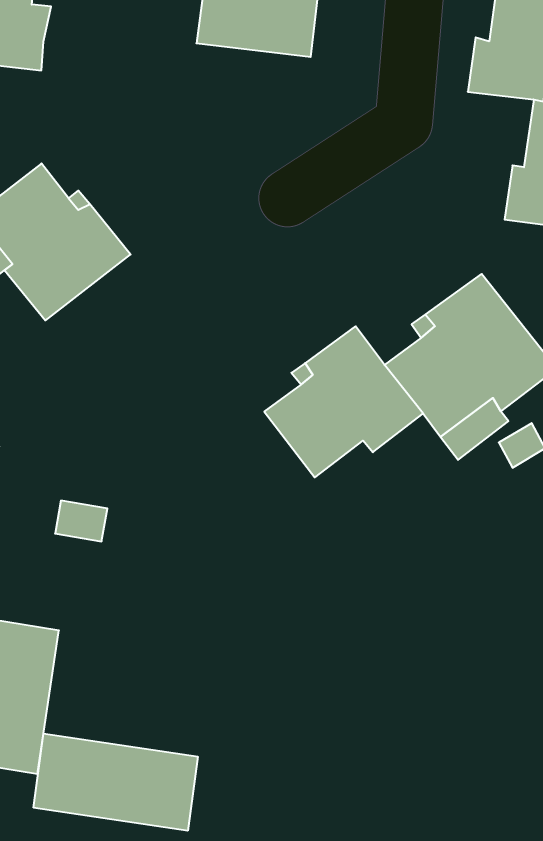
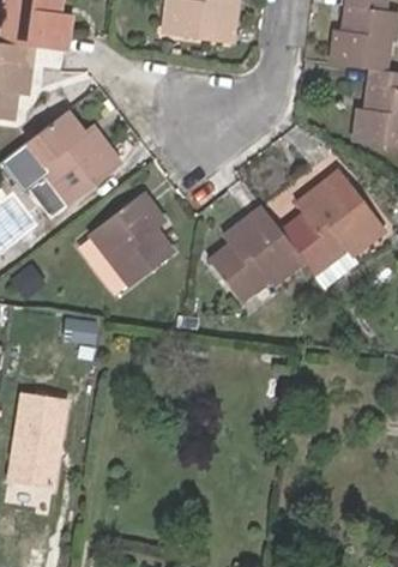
building: none -> [86,193,171,288]
building: [34,734,198,831] -> none

